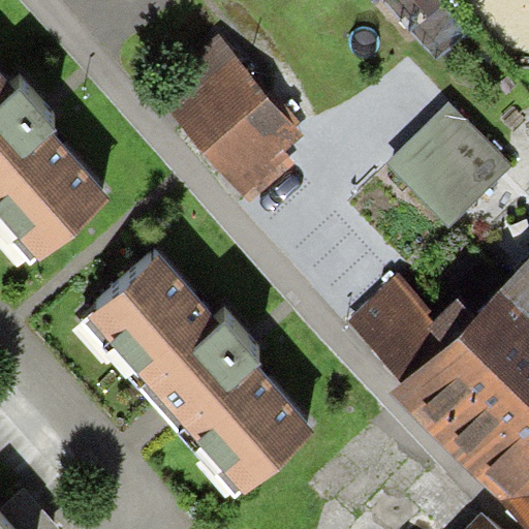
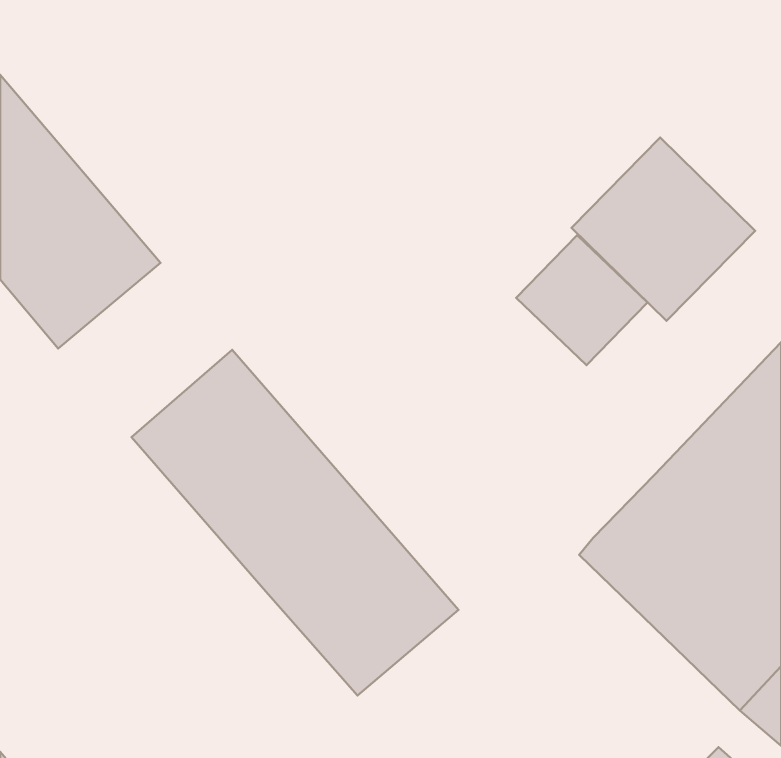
building: [157,48,300,210] -> none
building: [353,291,442,379] -> [516,235,648,365]

